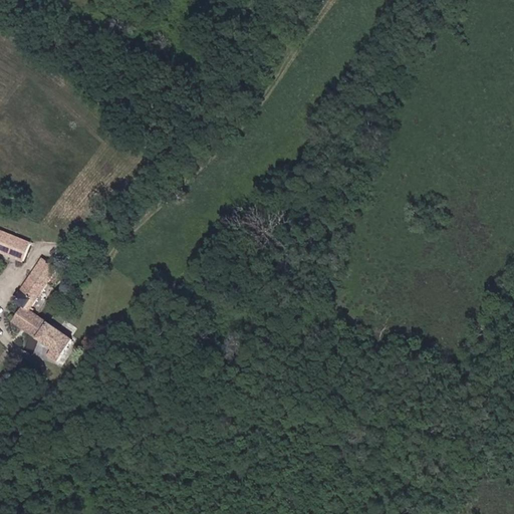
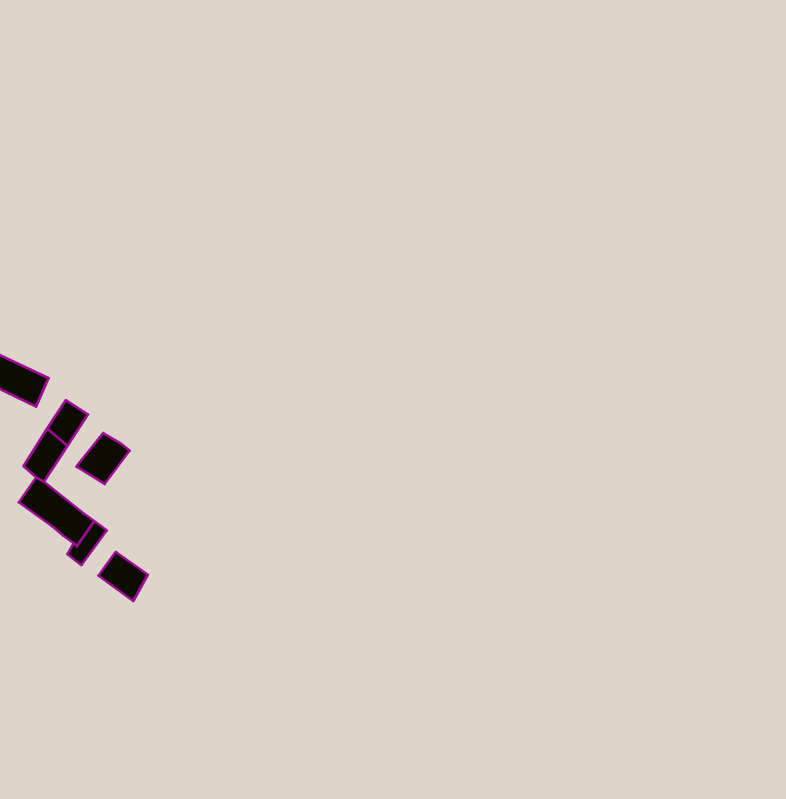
building: none -> [76,433,130,484]
building: none -> [98,552,148,601]

